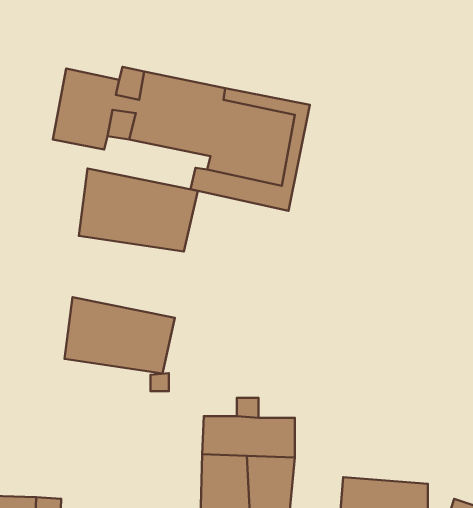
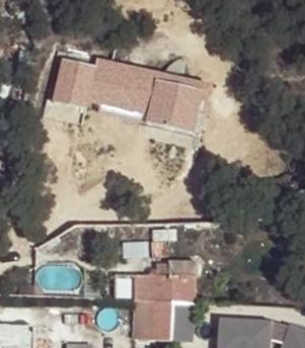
building: [79,169,198,252] -> none
building: [64,297,175,374] -> none

